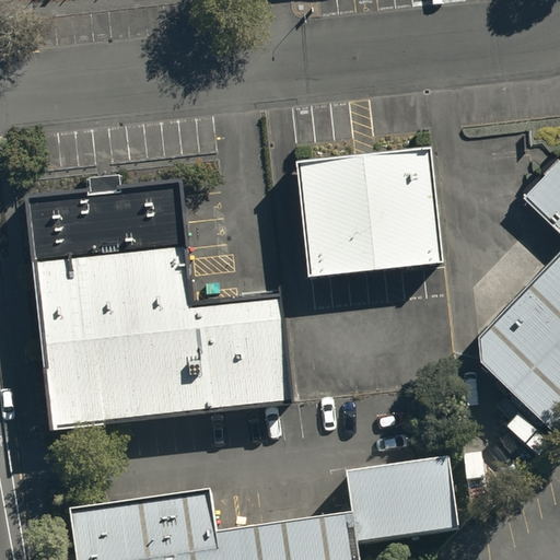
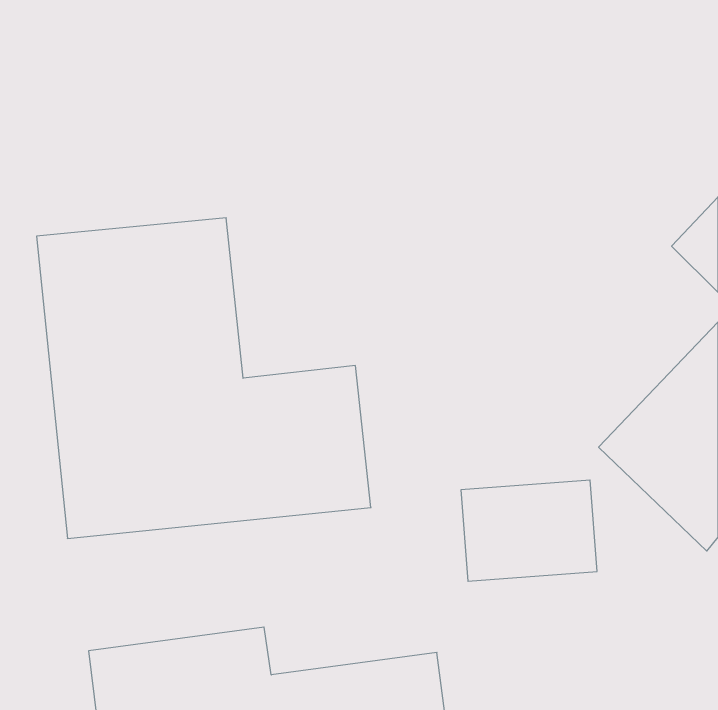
building: [296,149,440,273] -> none
building: [347,466,453,545] -> [461,480,597,581]

